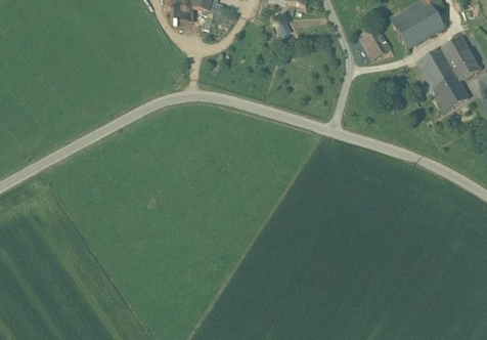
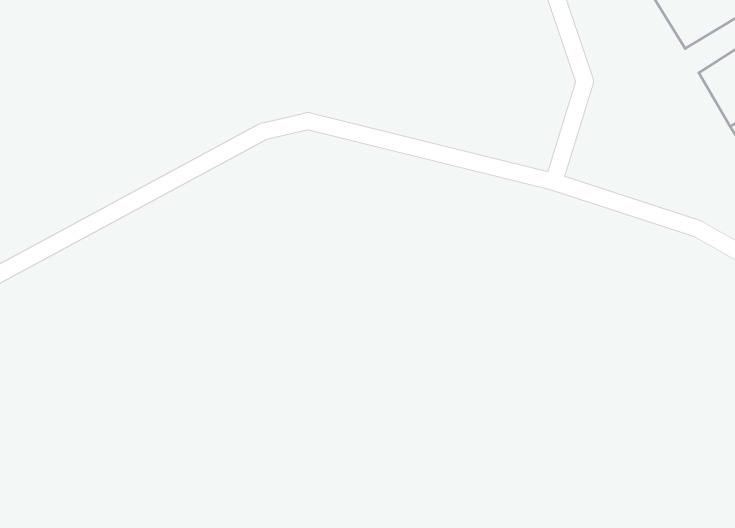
building: [358,27,387,58] -> none

